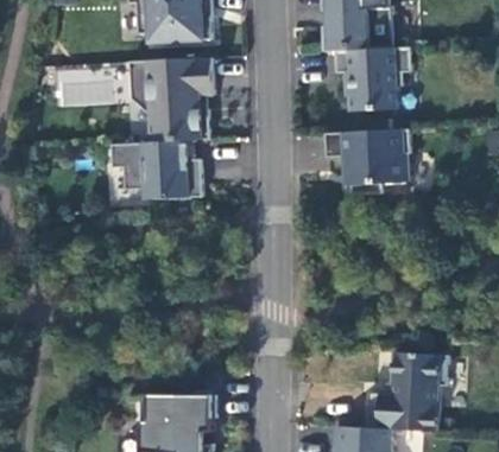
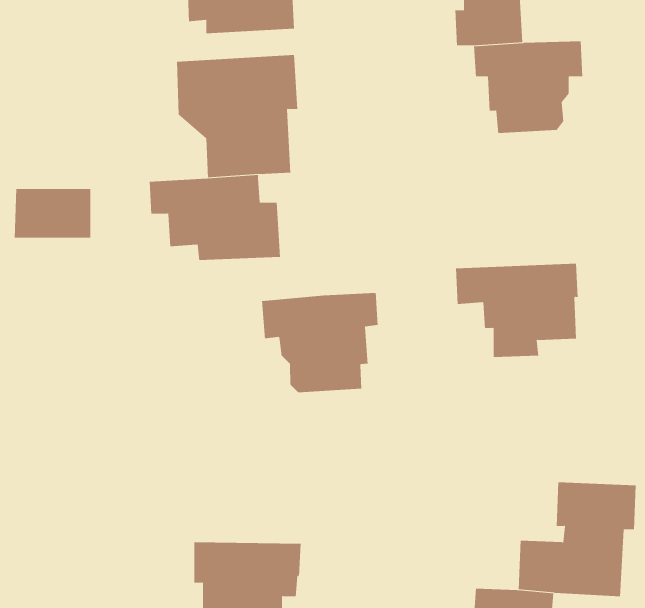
building: [55,66,108,101] -> [14,189,91,238]
building: [324,129,410,195] -> [455,263,579,358]
building: none -> [262,292,378,393]

